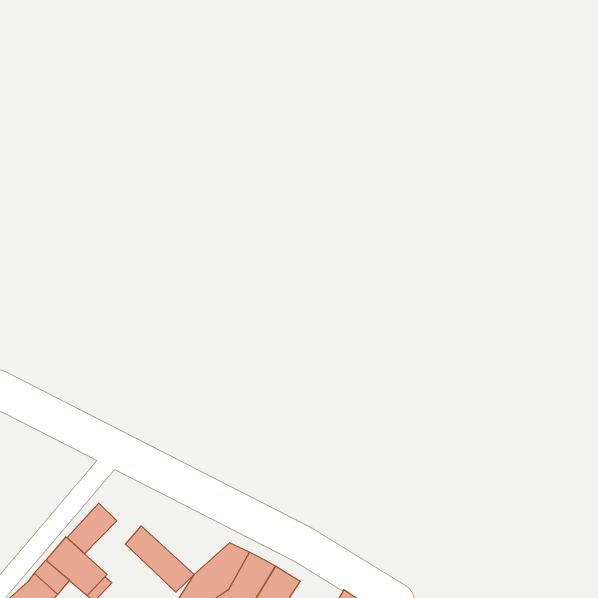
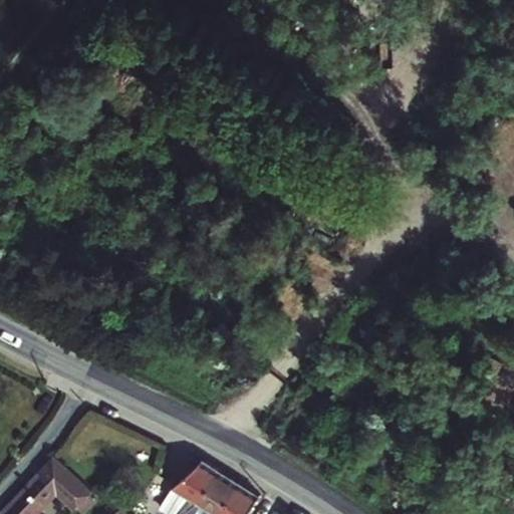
building: [67,503,117,554] -> none
building: [125,526,194,592] -> none

